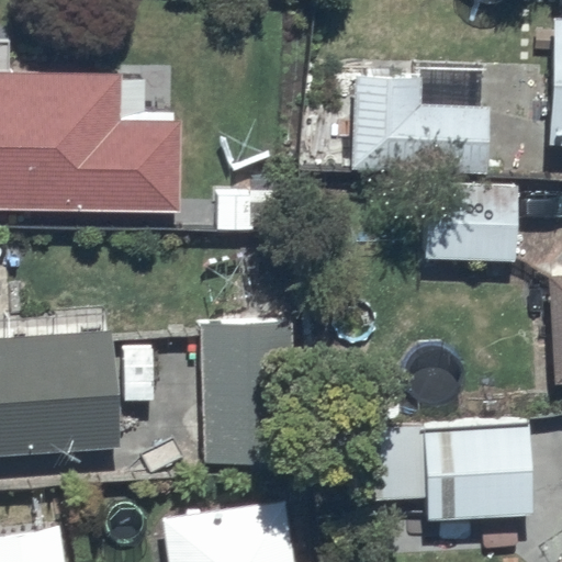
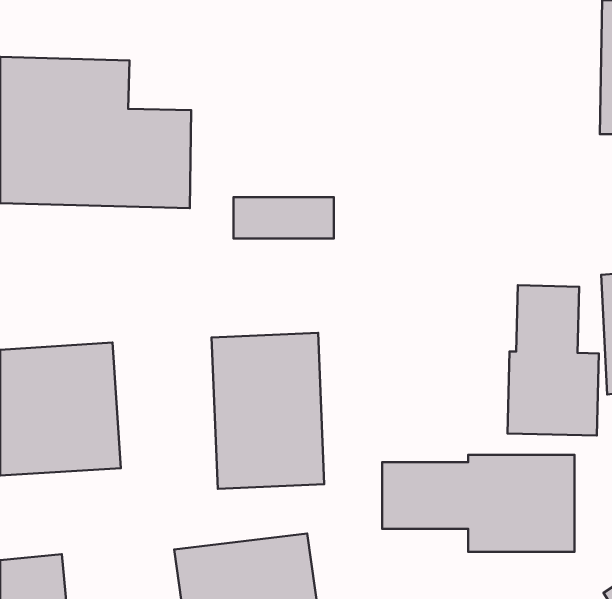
building: [352,70,490,170] -> none
building: [426,180,521,262] -> none
building: none -> [508,285,599,436]

